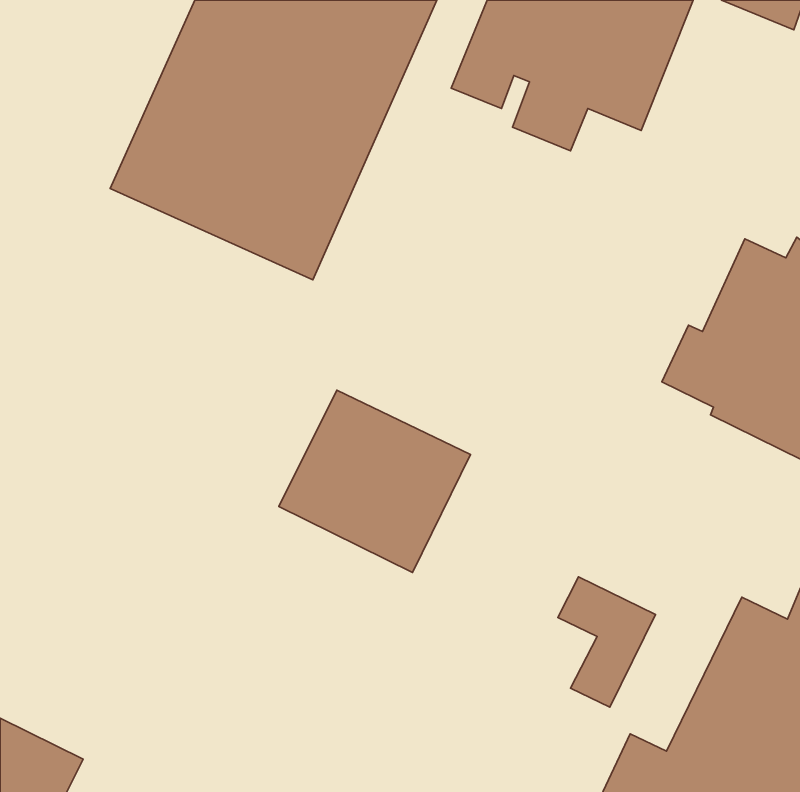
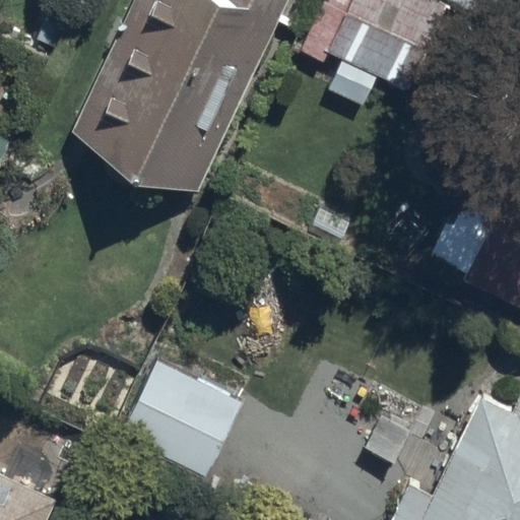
building: [279,390,471,572] -> [118,360,242,477]

